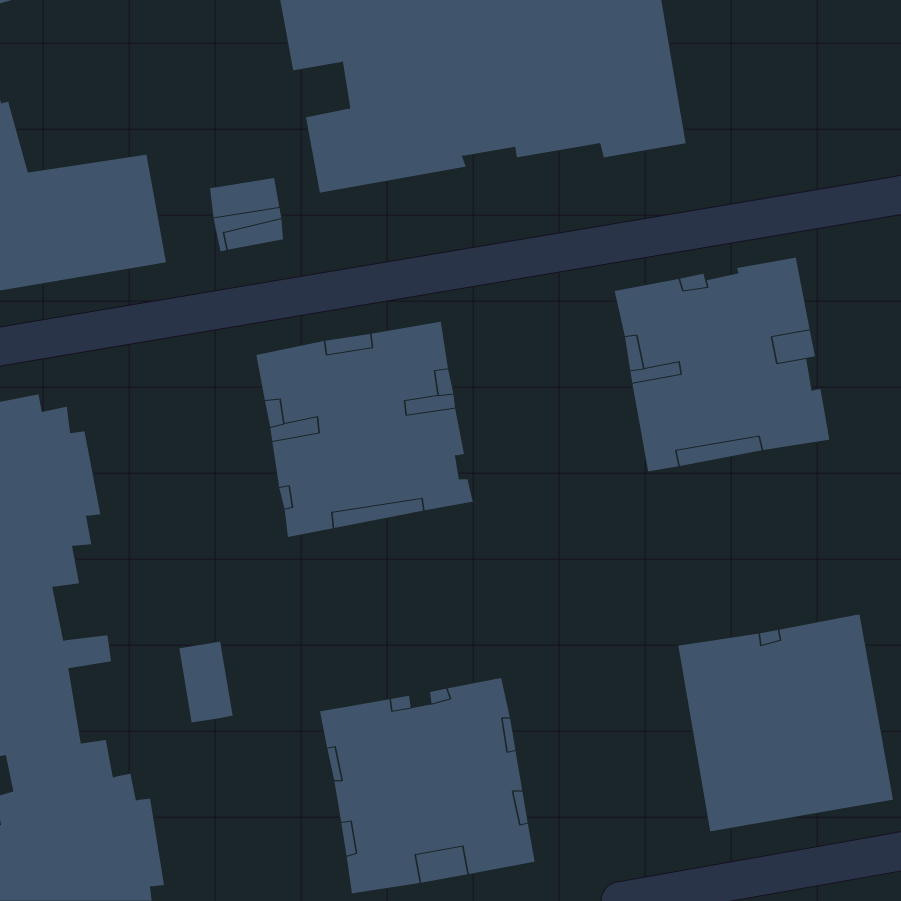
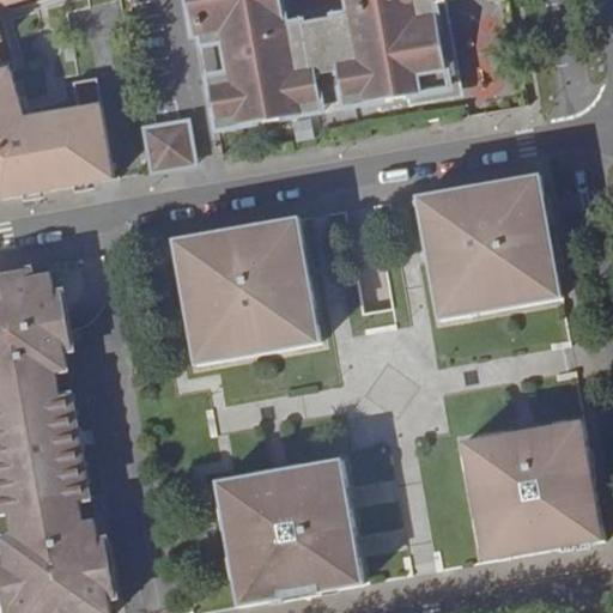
building: none -> [36,393,73,432]
building: [178,641,233,723] -> [47,447,84,502]

